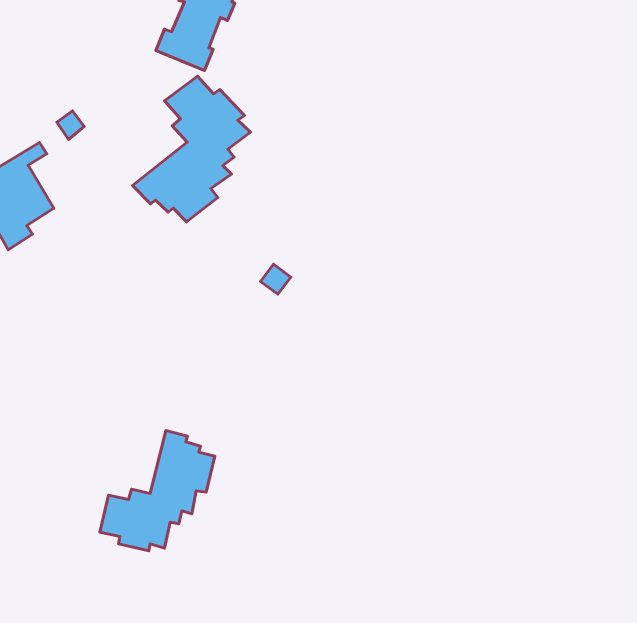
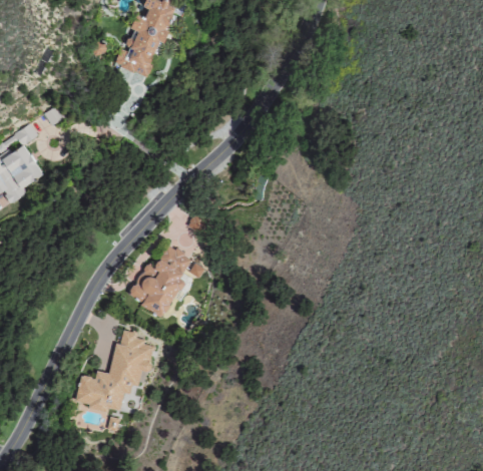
building: [132,76,251,222] -> none
building: none -> [127,247,204,317]

